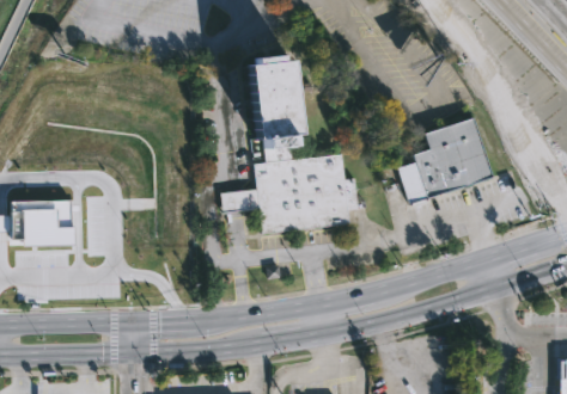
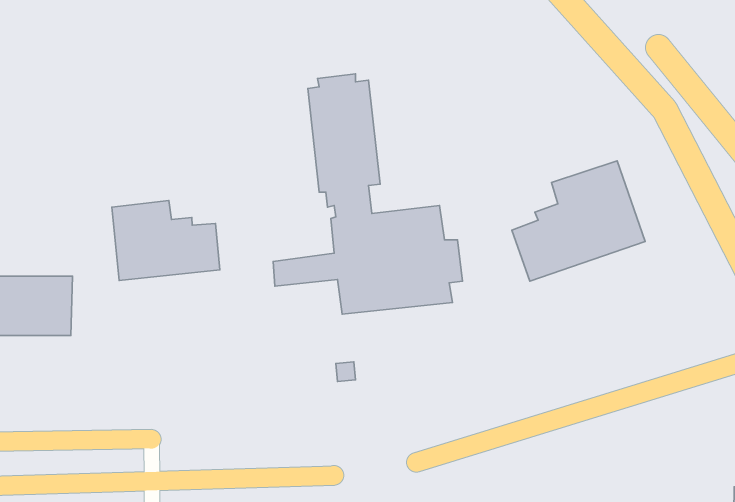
building: none -> [112,200,220,281]

